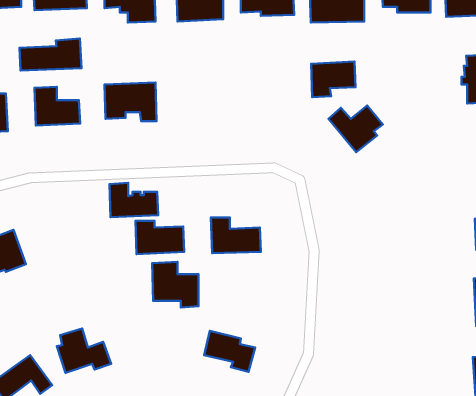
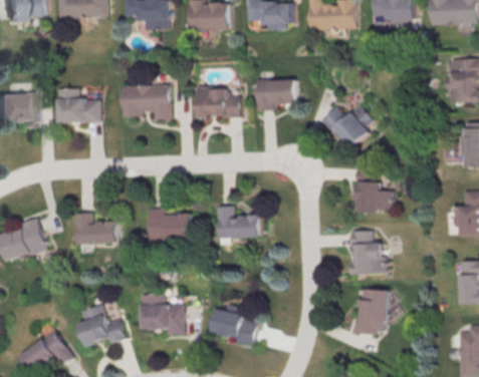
building: [20,39,81,71] -> none
building: [311,62,355,97] -> [255,79,295,111]
building: none -> [197,86,241,119]
building: none -> [357,168,394,213]
building: [109,183,158,217] -> [77,214,122,245]
building: none -> [351,231,387,274]
building: [152,262,199,307] -> [141,294,183,335]
building: none -> [353,290,390,335]

